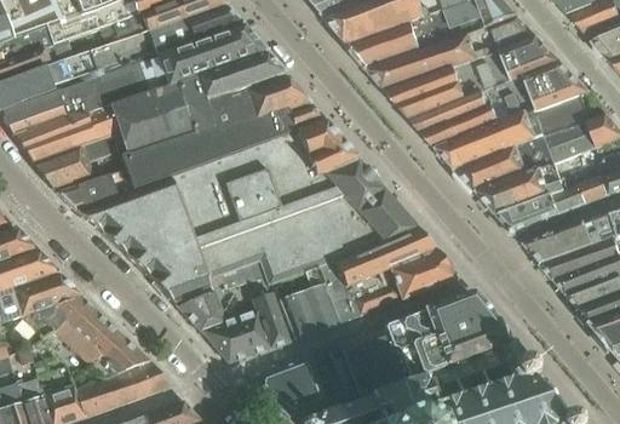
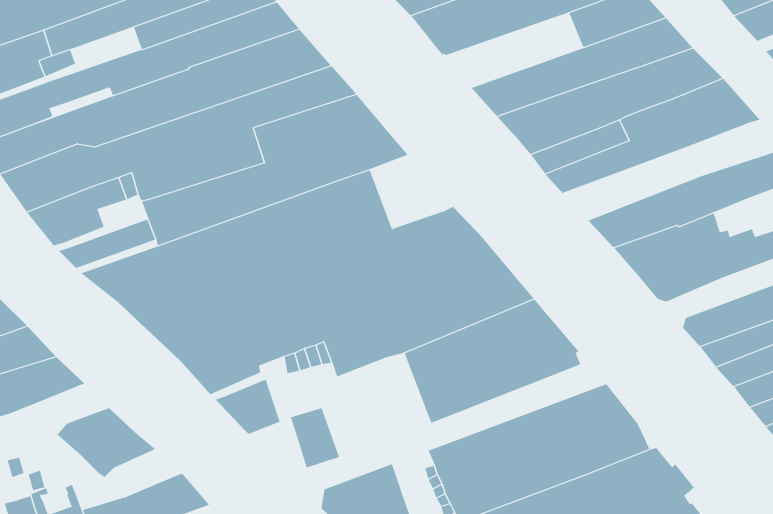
building: [350,11,454,68] -> none
building: [438,94,592,168] -> none
building: [293,119,356,174] -> none
building: [280,269,339,339] -> none
building: [21,292,96,334] -> none
building: [252,292,289,349] -> none
building: [201,317,245,361] -> none
building: [92,342,150,378] -> none

